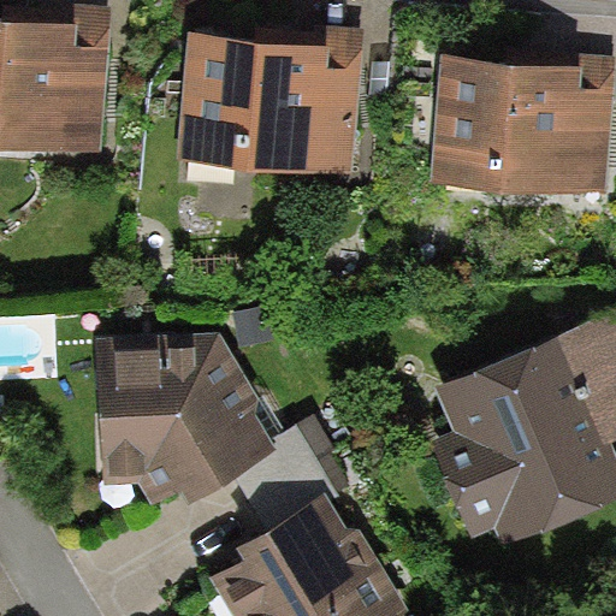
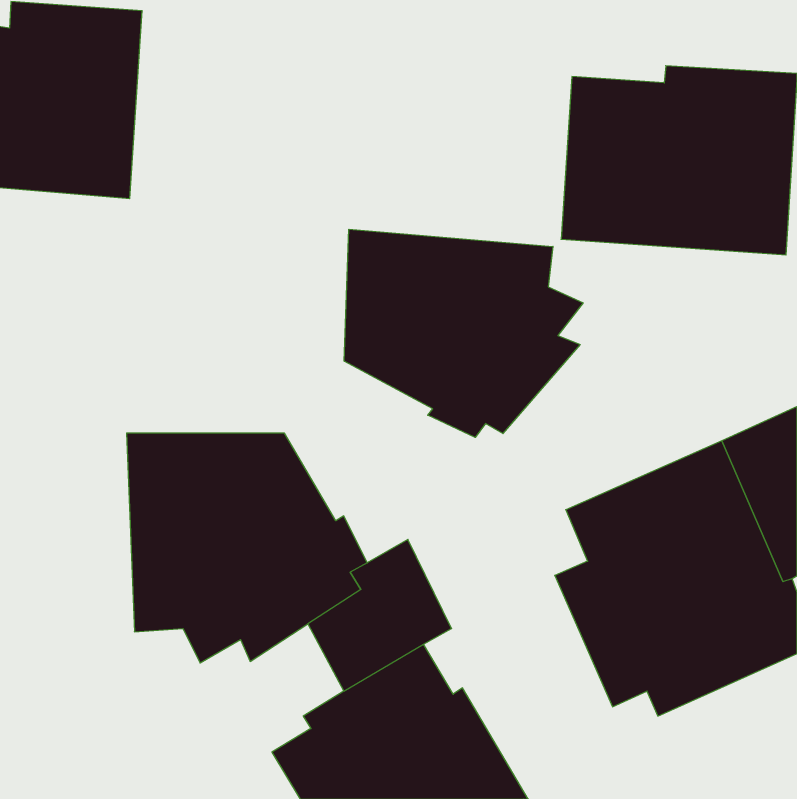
building: [178,20,362,173] -> none
building: none -> [344,229,583,437]

